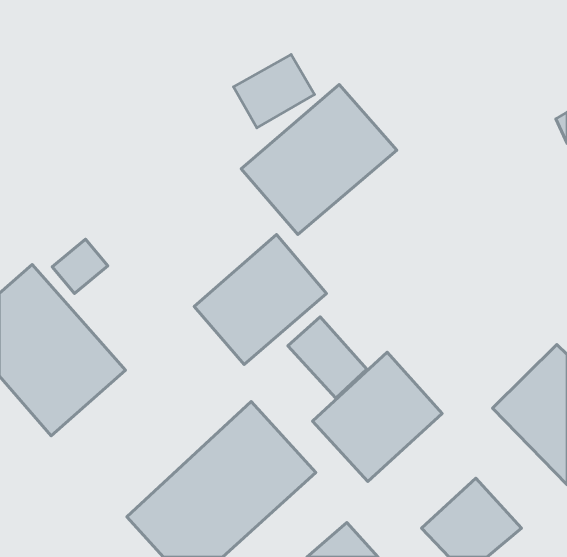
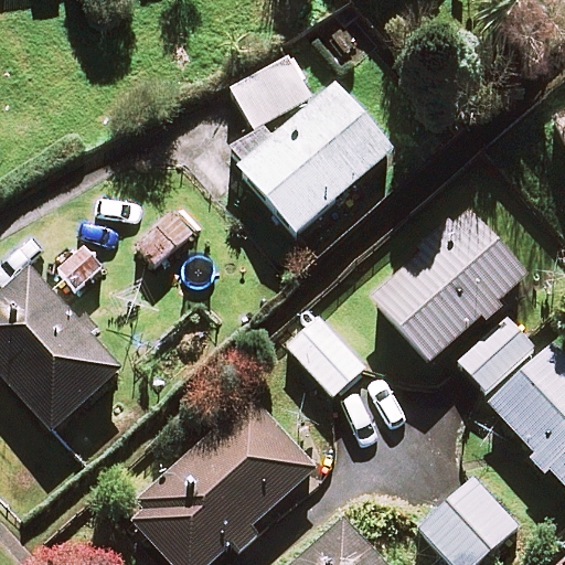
building: none -> [372,212,534,388]
building: [194,235,326,364] -> none
building: [313,352,442,482] -> none

